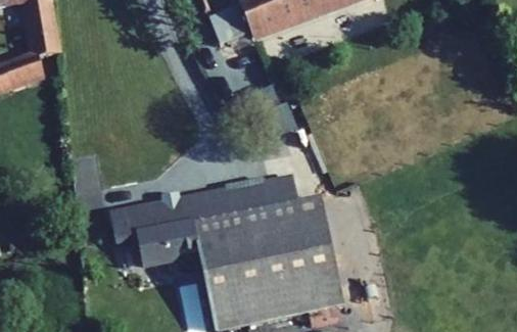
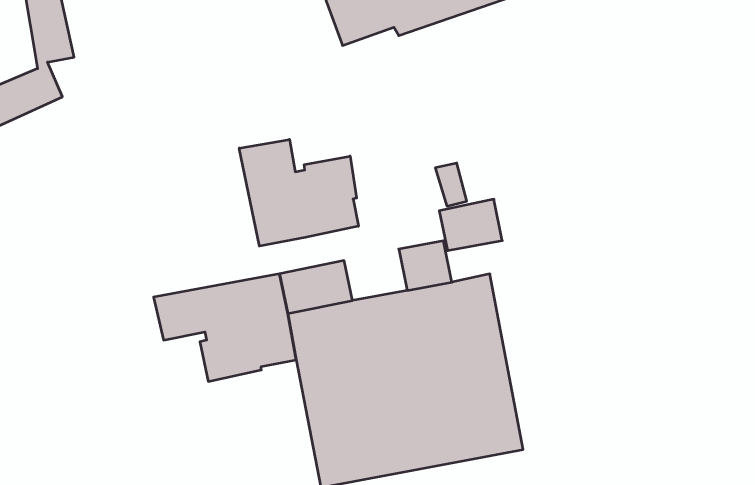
building: none -> [239,139,358,246]
building: [228,177,267,208] -> [439,199,502,251]

